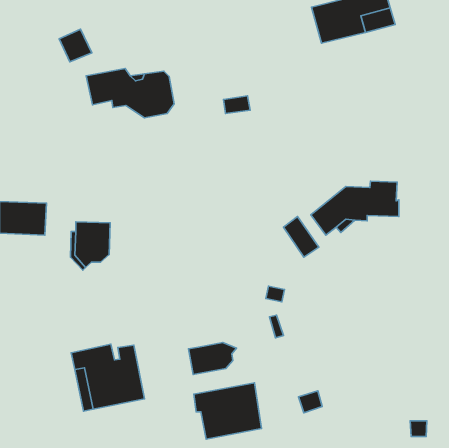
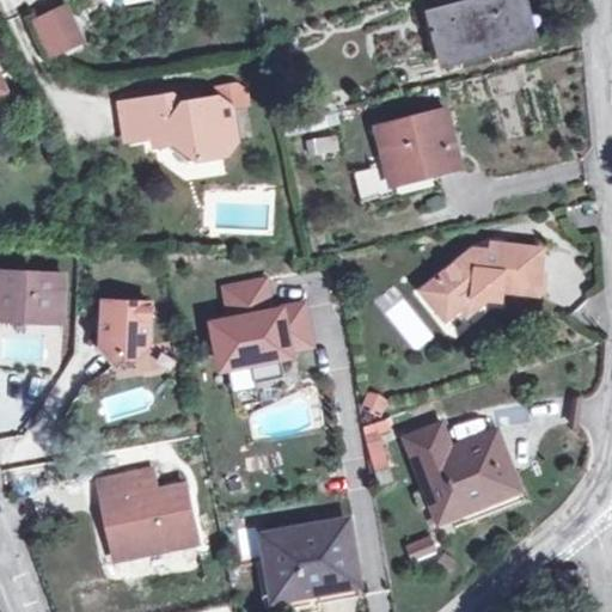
building: [59,29,92,62] -> [33,10,78,54]
building: none -> [353,110,459,198]
building: none -> [214,279,311,381]
building: none -> [405,423,508,521]
building: [189,343,237,374] -> none

